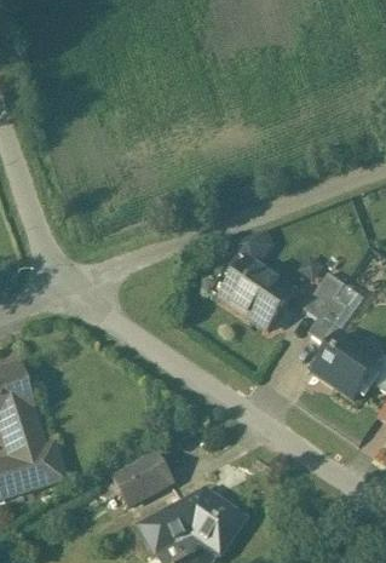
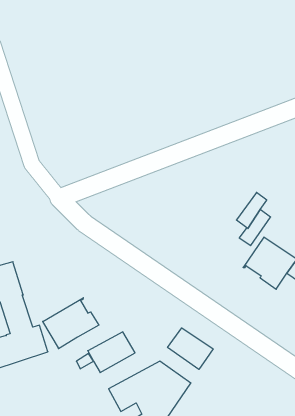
building: [220,255,293,328] -> none
building: none -> [43,298,99,349]
building: none -> [168,328,213,369]

